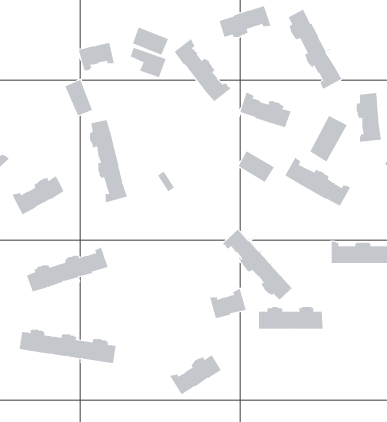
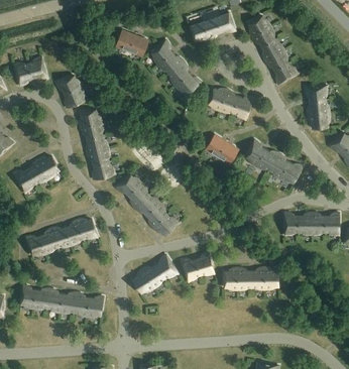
building: [77,38,115,71] -> [13,55,45,84]
building: [309,115,348,162] -> none
building: [222,229,296,300] -> [117,174,180,235]
building: [169,355,224,395] -> [130,258,177,292]

